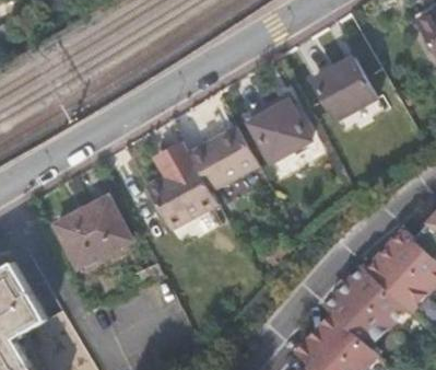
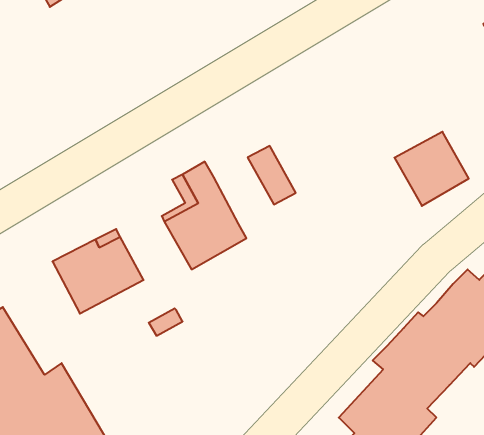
building: [311,56,374,118] -> [394,132,469,206]
building: [248,99,308,159] -> none
building: [189,136,239,192] -> none

